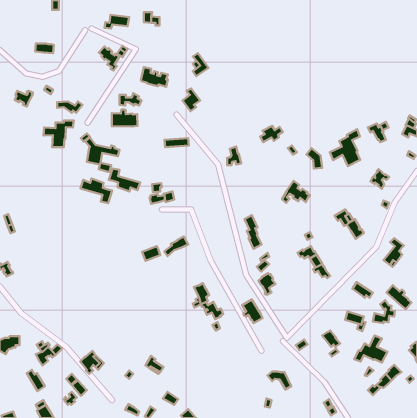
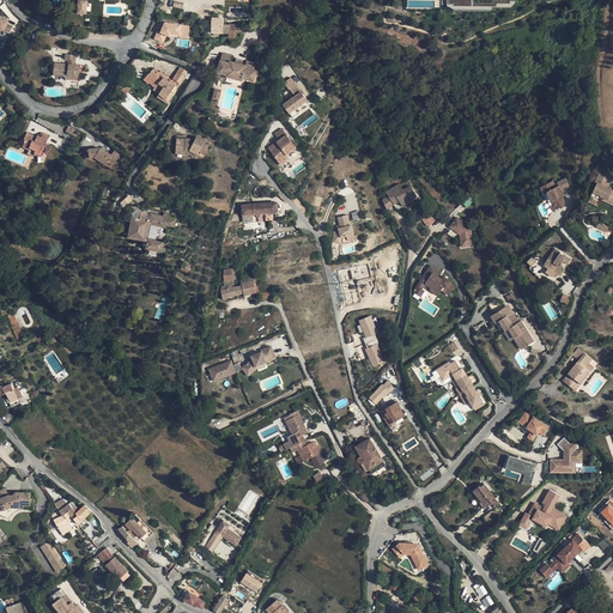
building: [141,67,168,87] -> [216,53,255,81]
building: [112,110,137,127] -> none
building: [43,120,74,147] -> none
building: [330,129,360,166] -> none
building: [109,168,140,191] -> none
building: [80,179,112,203] -> none
building: [387,285,411,309] -> none

